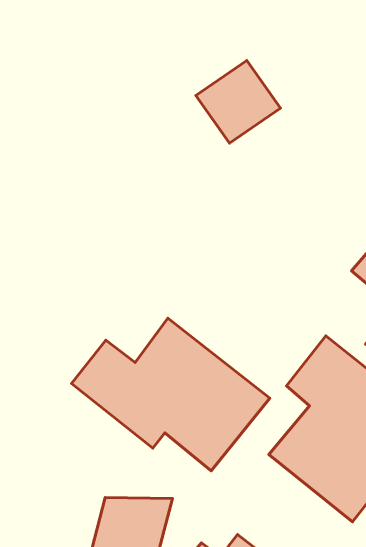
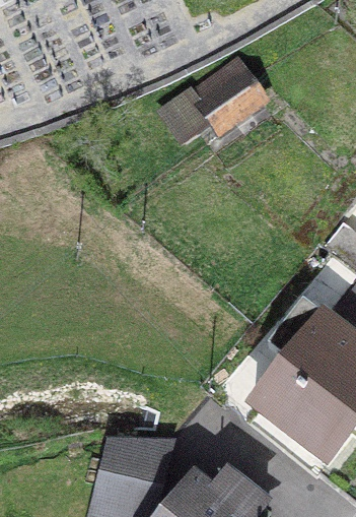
building: [71,318,270,471] -> none

